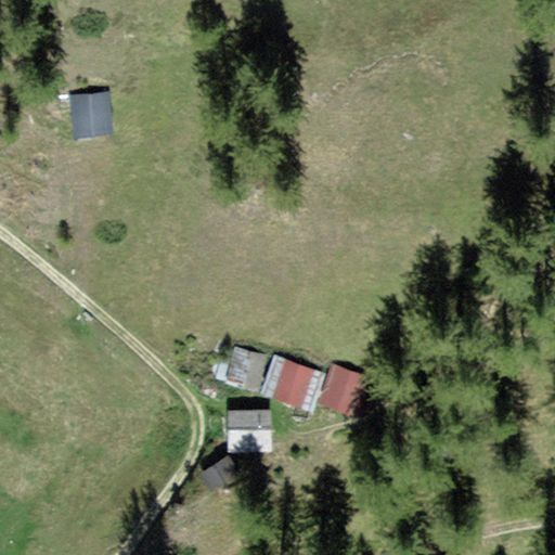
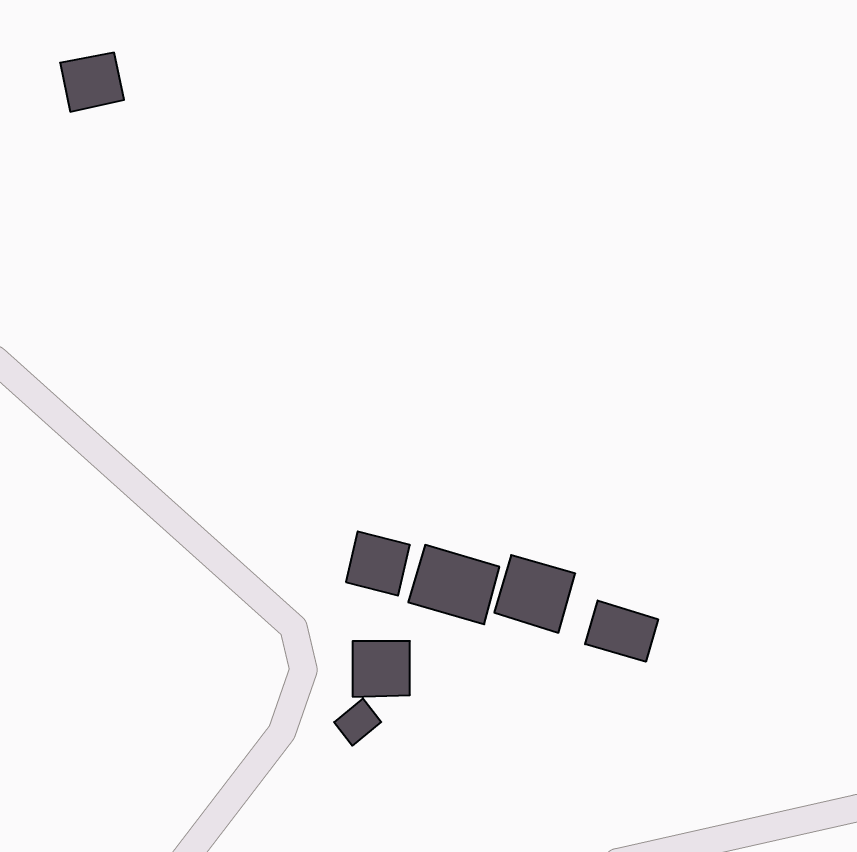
building: [69,95,111,133] -> [60,53,124,112]
building: none -> [585,600,658,662]

